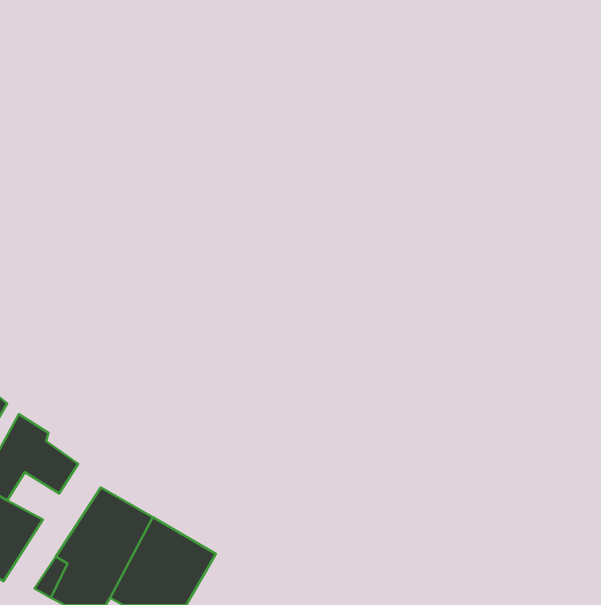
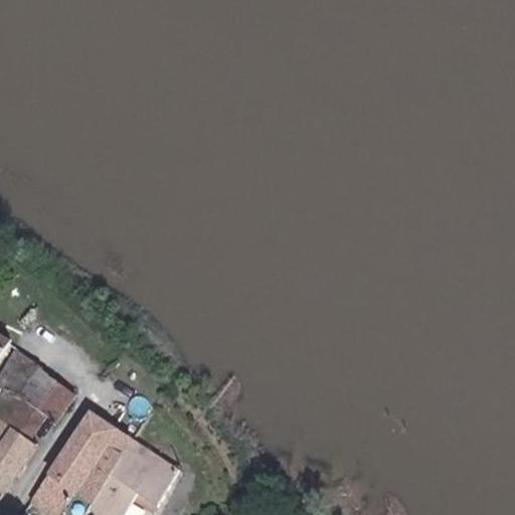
building: none -> [6,400,50,441]

